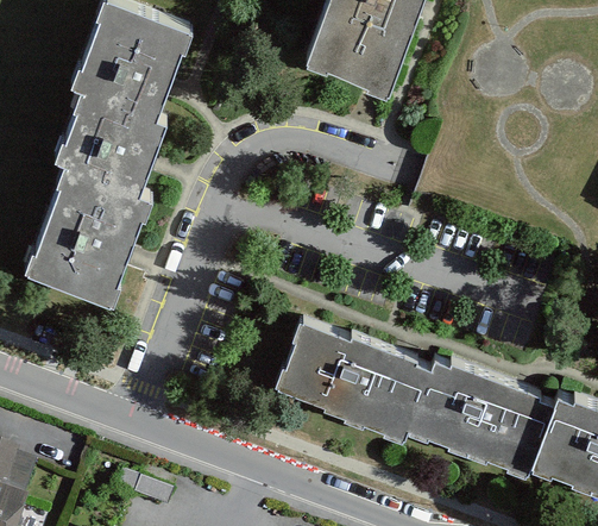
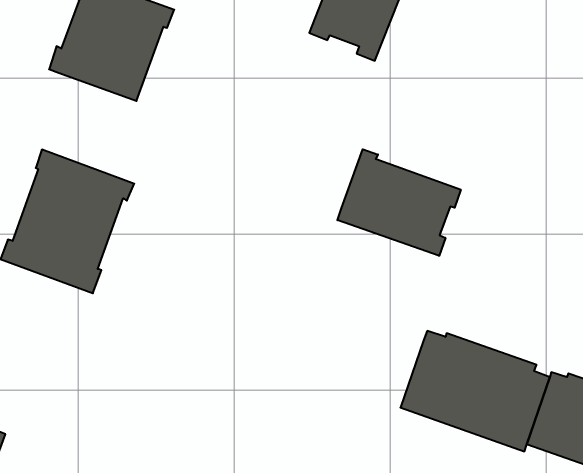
building: [48,106,162,209] -> none
building: none -> [337,149,461,256]
building: [287,320,432,440] -> none

